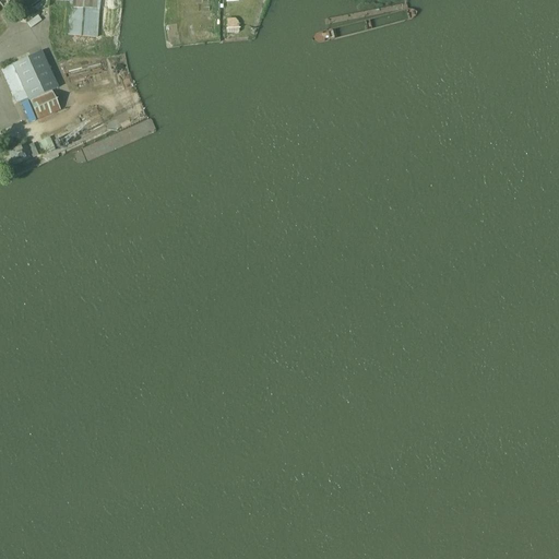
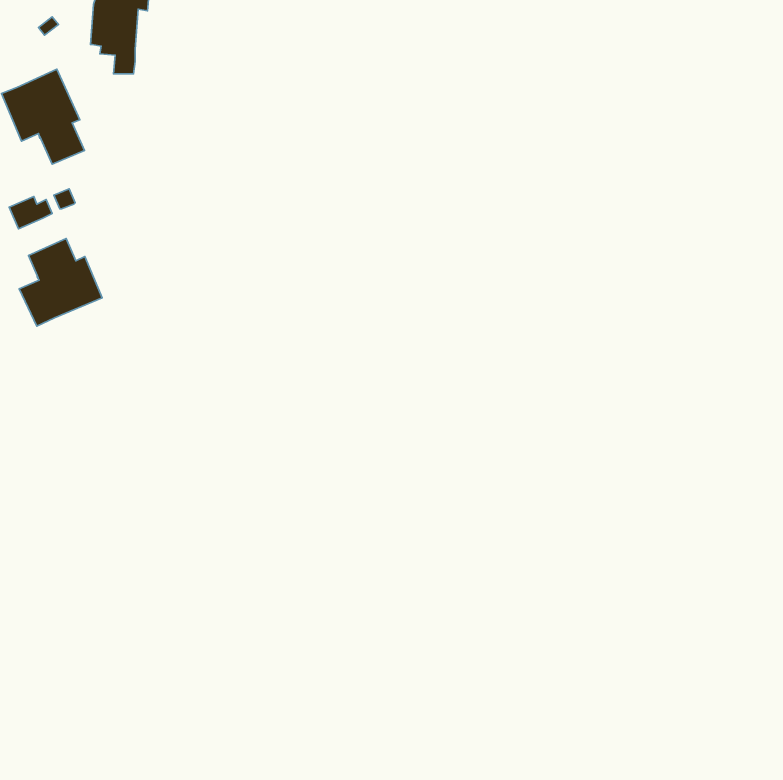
building: none -> [19,239,102,326]

